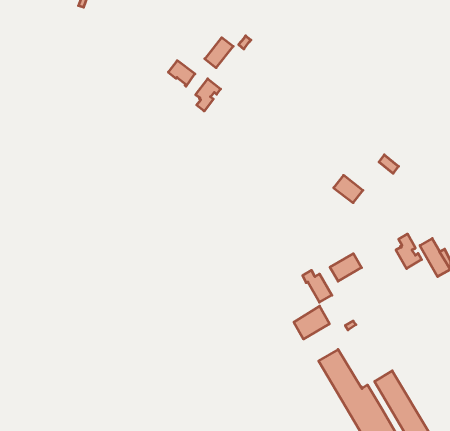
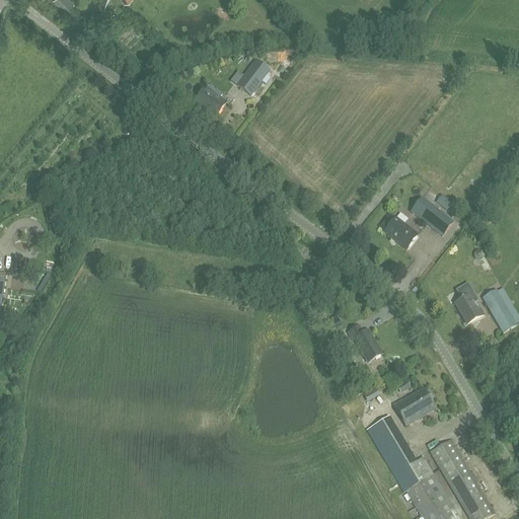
building: [196,79,221,111] -> none
building: none -> [411,196,452,235]
building: [330,254,362,281] -> none
building: [294,306,329,339] -> [393,386,434,424]

